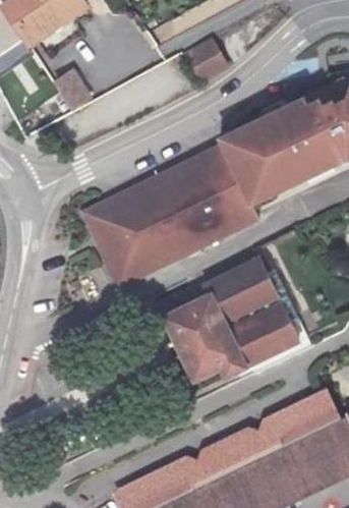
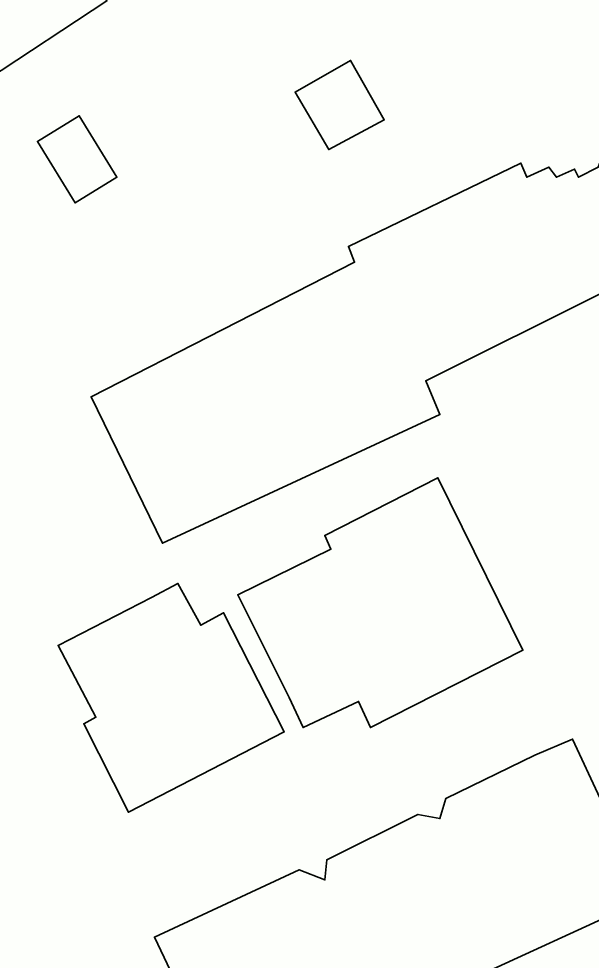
building: none -> [58,583,284,812]

